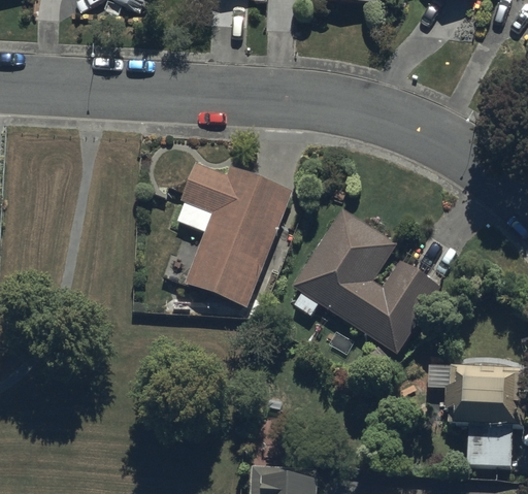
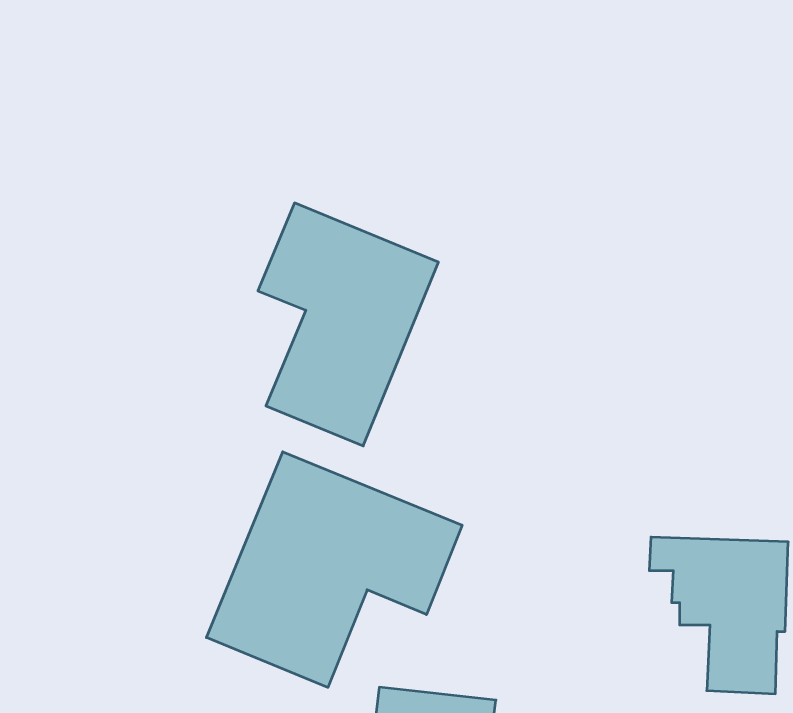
building: [293,209,440,353] -> none
building: none -> [206,452,462,687]

